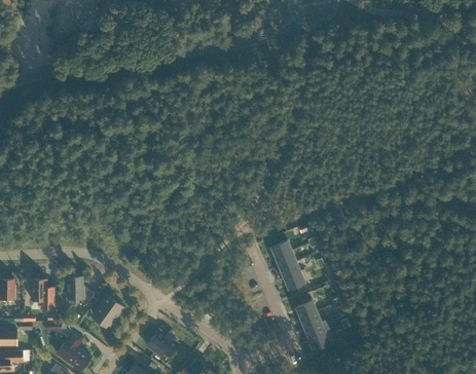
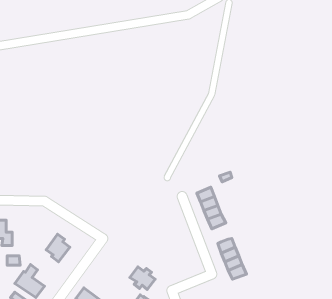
building: [66,278,95,306] -> none
building: [149,331,179,358] -> [130,267,155,290]

